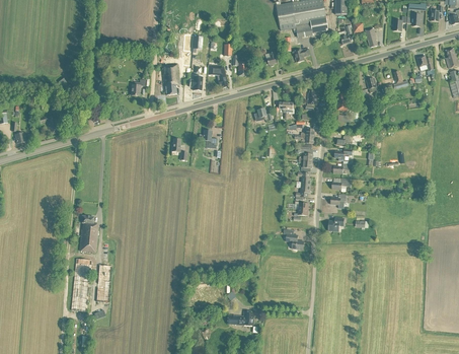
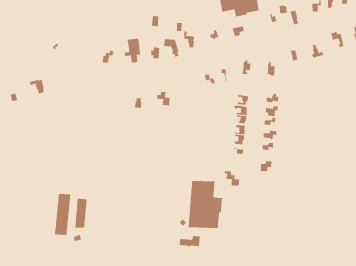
building: [79,215,97,252] -> none
building: none -> [188,180,223,229]

